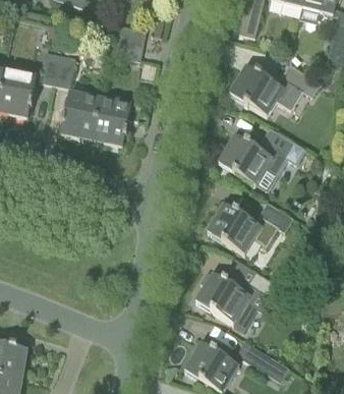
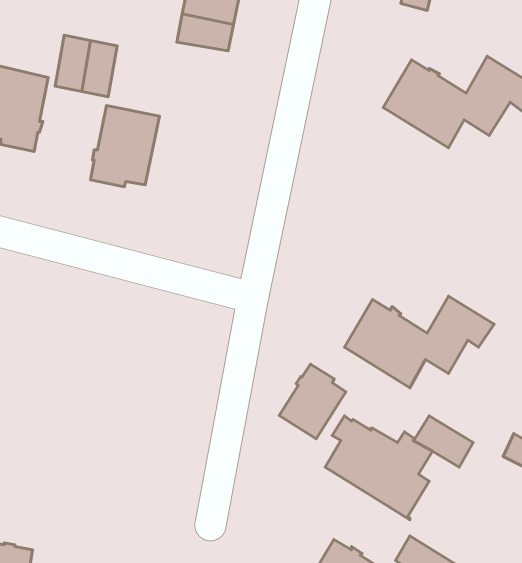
building: [92,97,140,146] -> none
building: [218,126,303,190] -> none
building: none -> [279,364,346,439]

